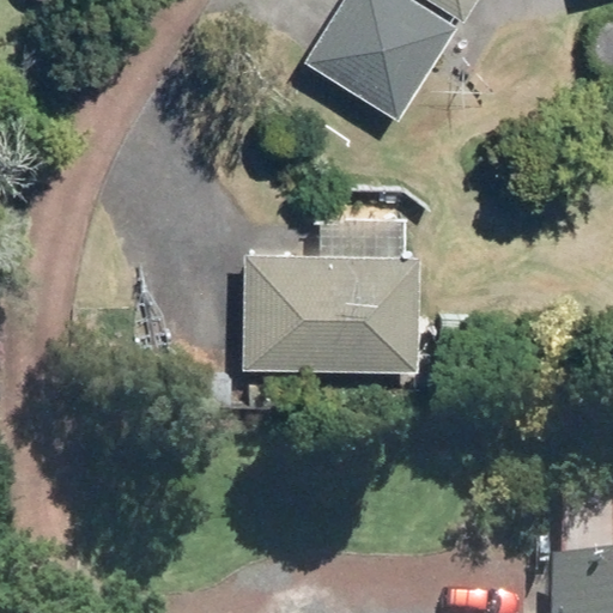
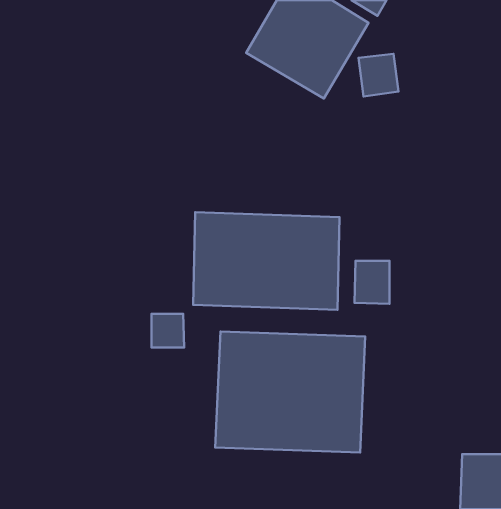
building: none -> [215,331,365,453]

